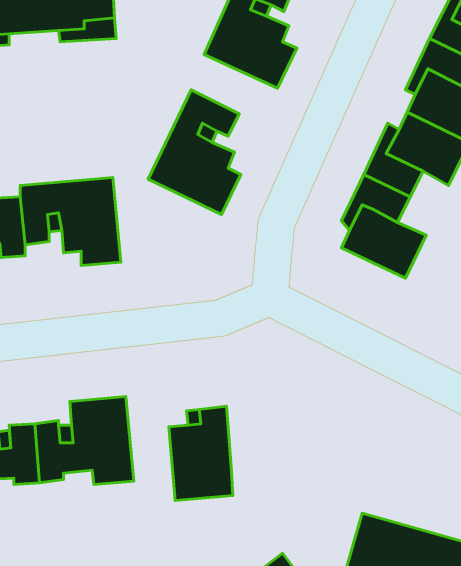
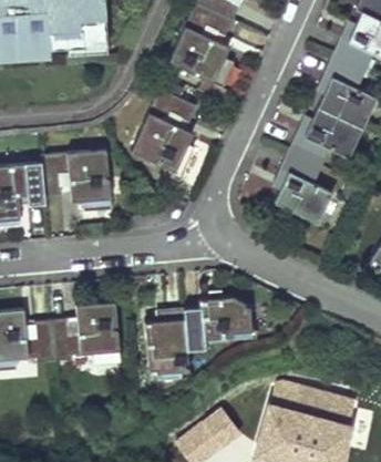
building: none -> [185,296,253,350]

